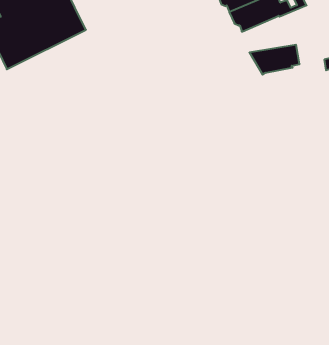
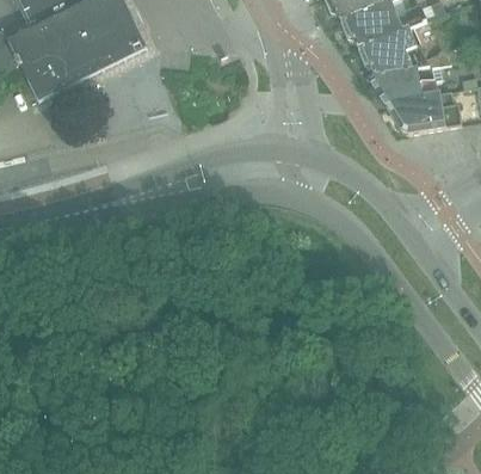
building: none -> [357,25,461,75]
building: none -> [384,90,460,131]

